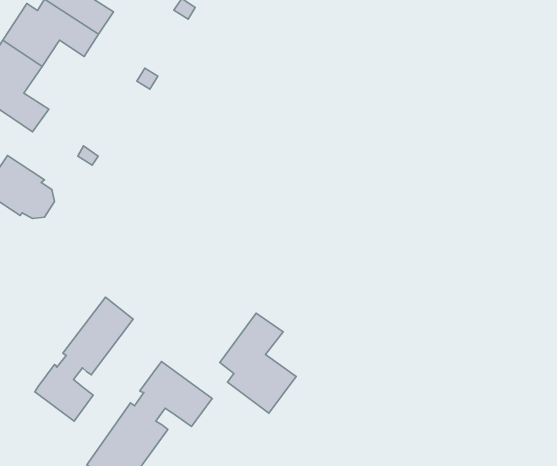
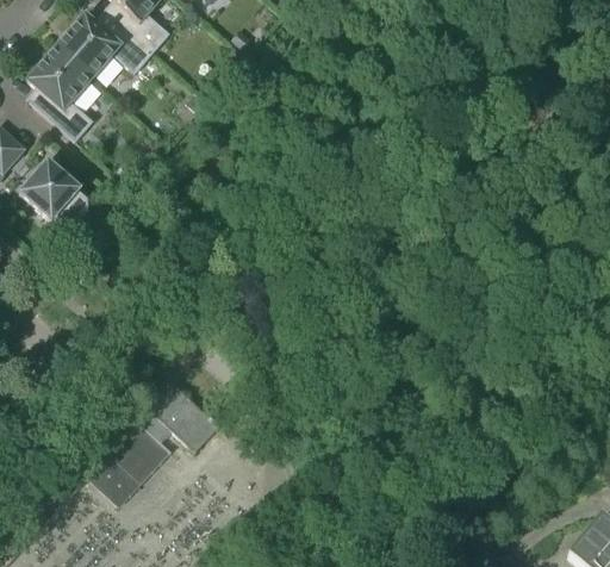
building: [35,297,133,421] -> none
building: [220,313,296,413] -> none

